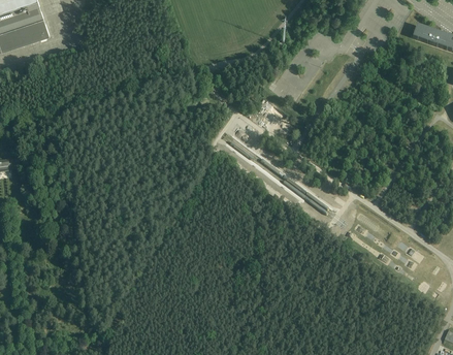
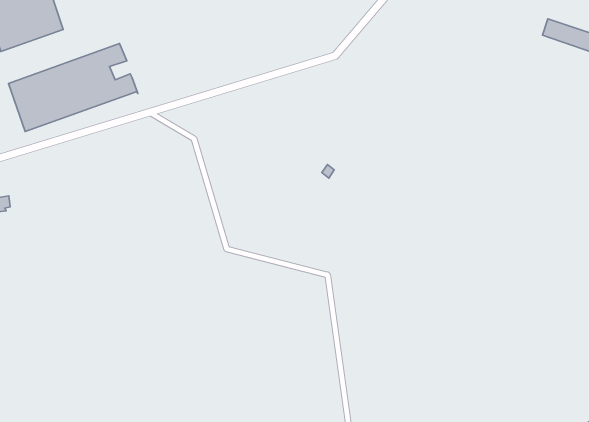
building: none -> [8,44,138,132]

